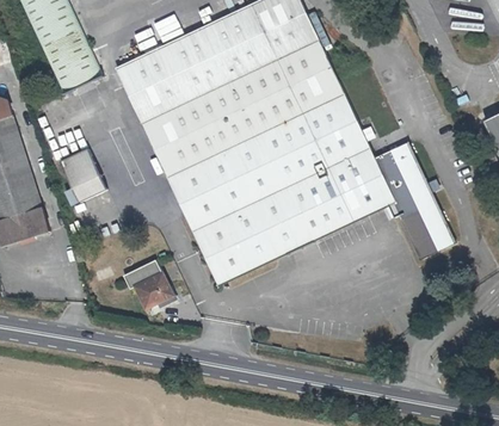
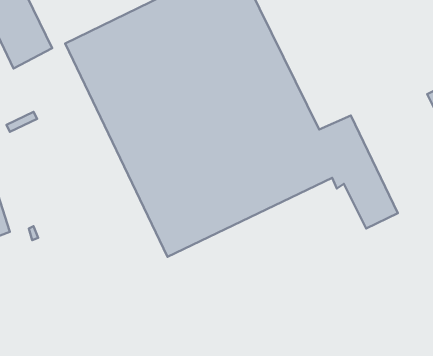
building: [61,150,109,204] -> none
building: [124,257,177,305] -> none

